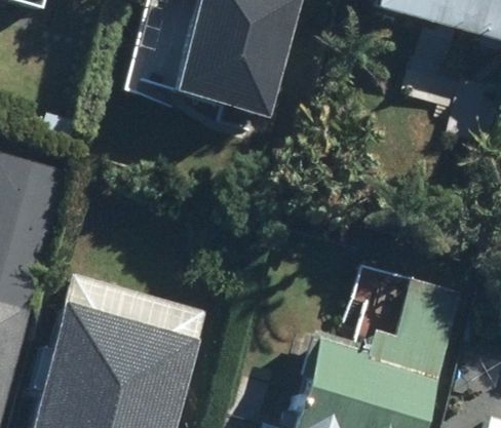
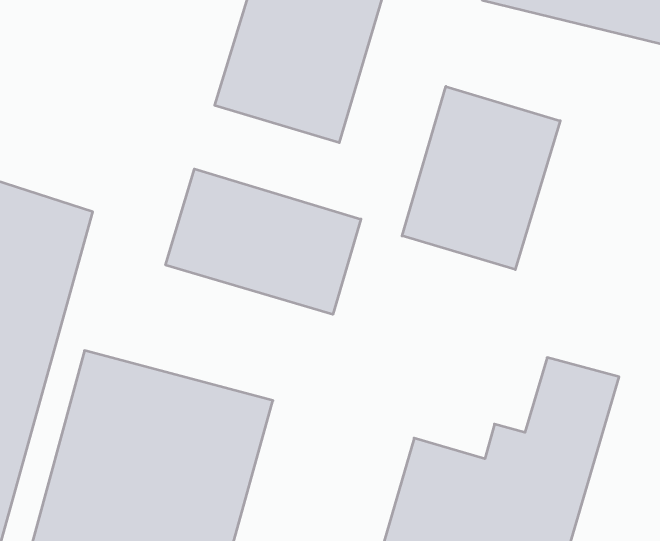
building: none -> [402,86,560,270]
building: none -> [166,169,361,314]

